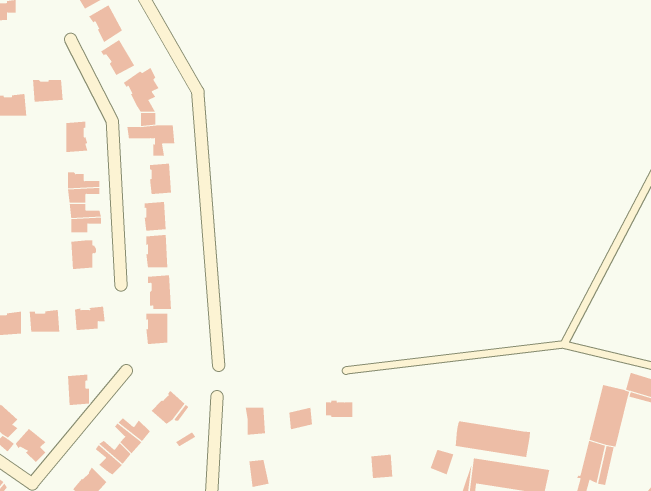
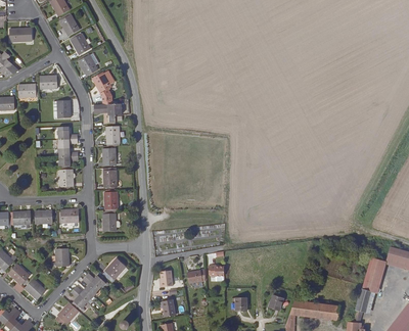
building: [455,421,530,458] -> none

